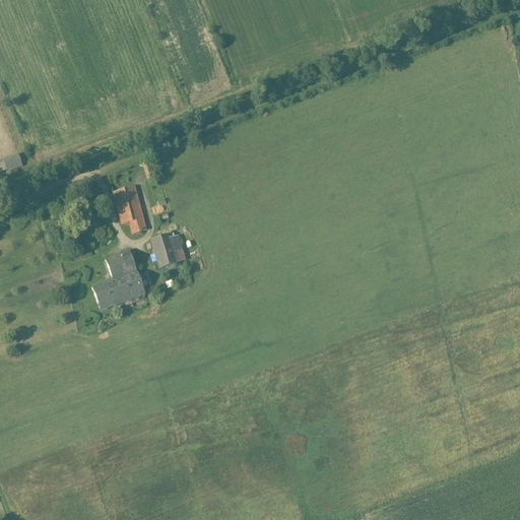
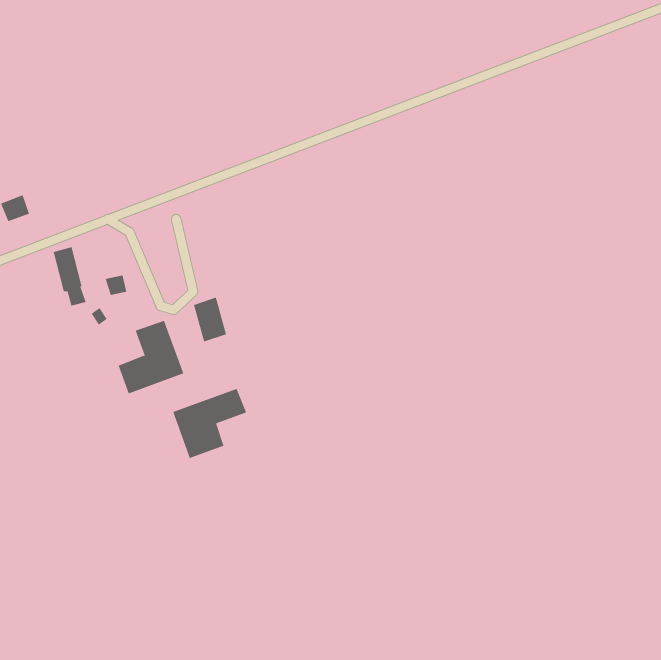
building: [121,186,147,233] -> [53,247,86,306]
building: none -> [173,388,247,459]

